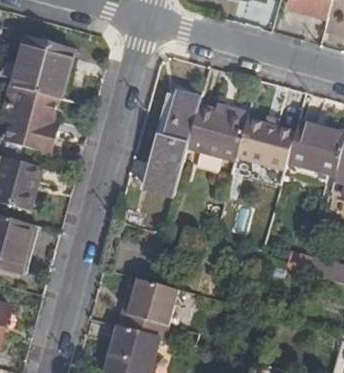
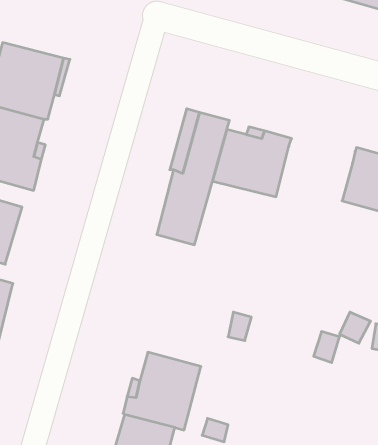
building: [232,119,295,184] -> none

